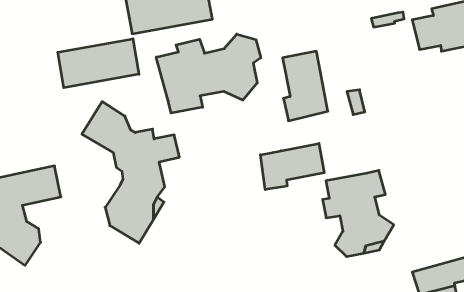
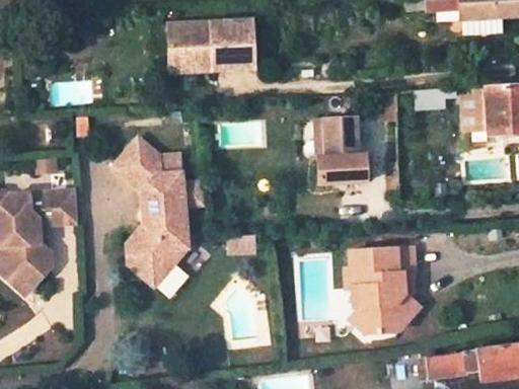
building: [156,34,261,113] -> none
building: [58,39,139,88] -> none
building: [260,143,324,190] -> none

